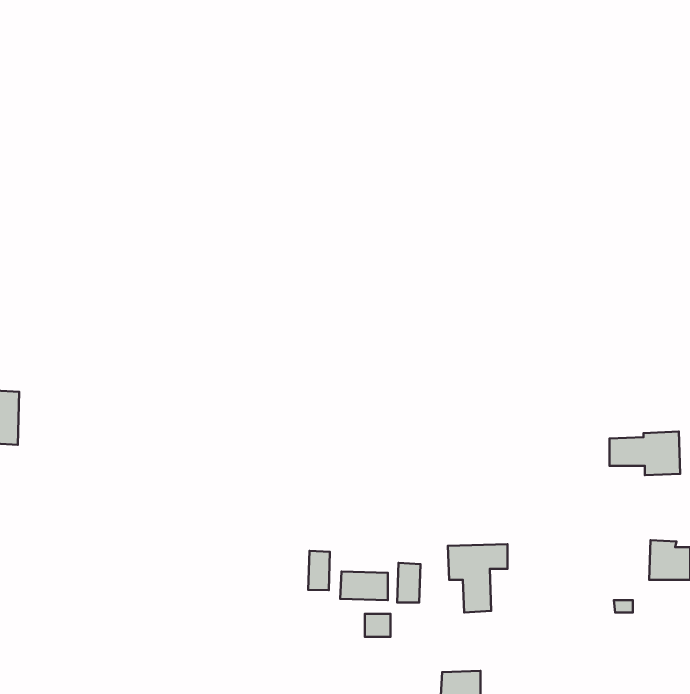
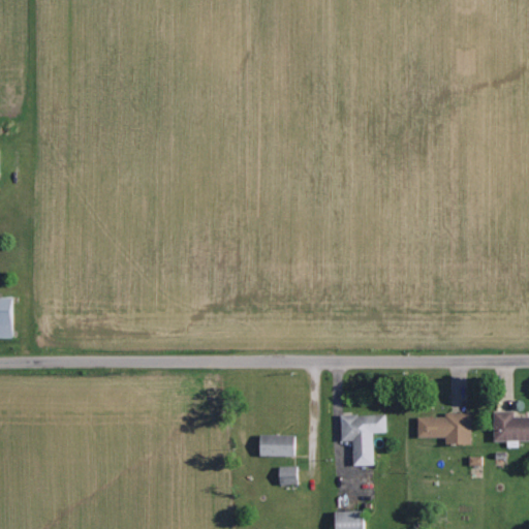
building: [609,432,680,475] -> [417,412,471,445]
building: [308,551,330,590] -> none
building: [397,563,420,603] -> none

